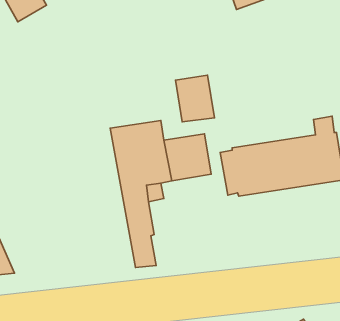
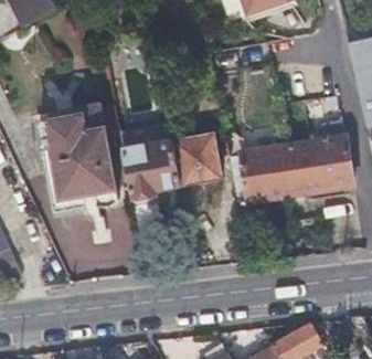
building: [175,75,215,122] -> none
building: none -> [36,101,114,207]

